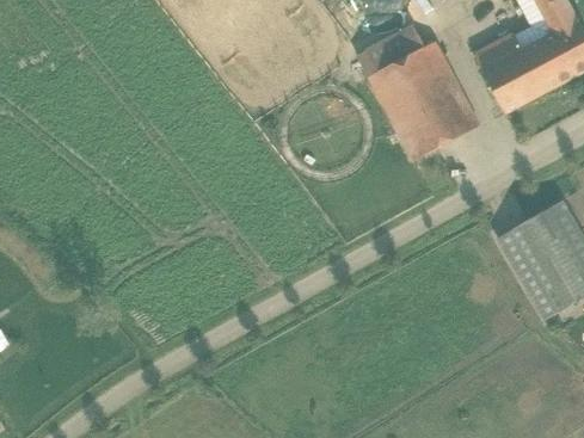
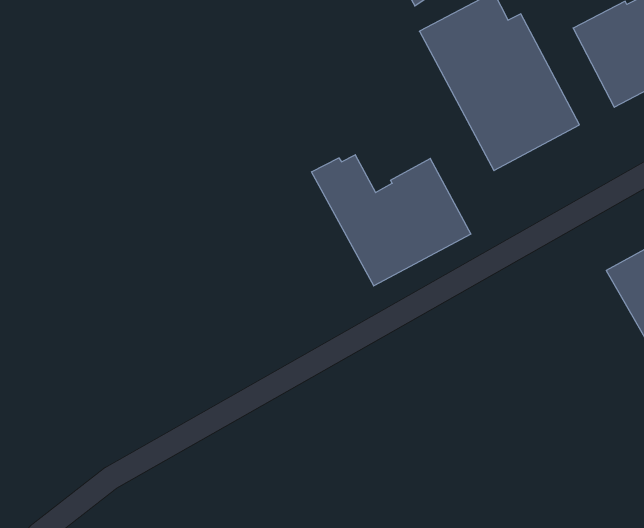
building: none -> [312,155,471,286]

